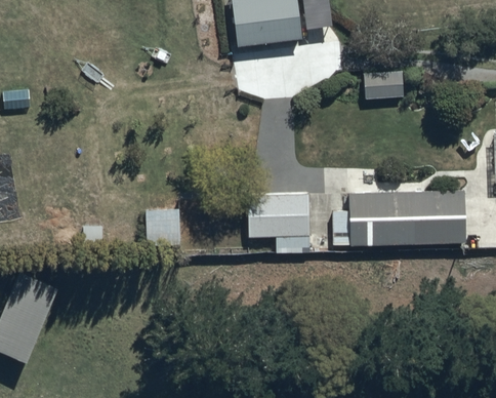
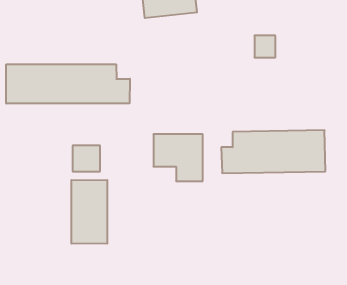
building: none -> [6,64,130,104]
building: none -> [71,180,107,244]

